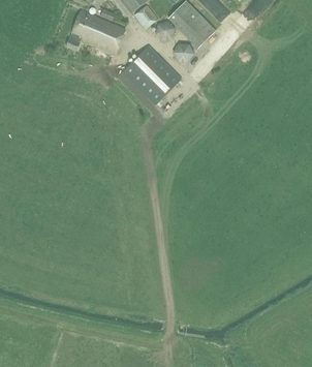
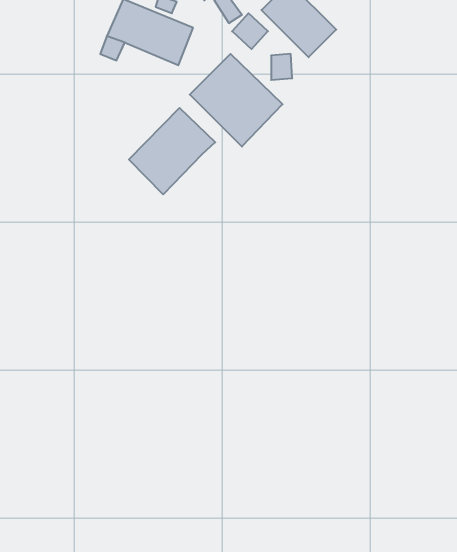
building: none -> [129,108,215,194]

